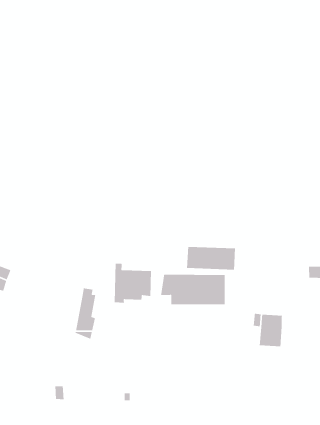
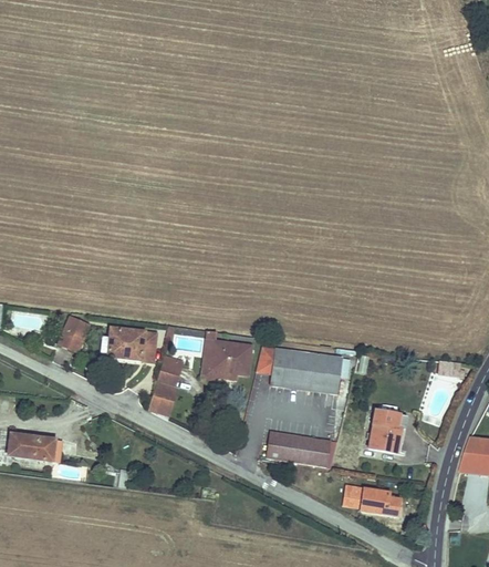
building: [186,246,236,270] -> [264,430,326,465]
building: none -> [102,327,158,359]
building: none -> [345,484,399,514]

